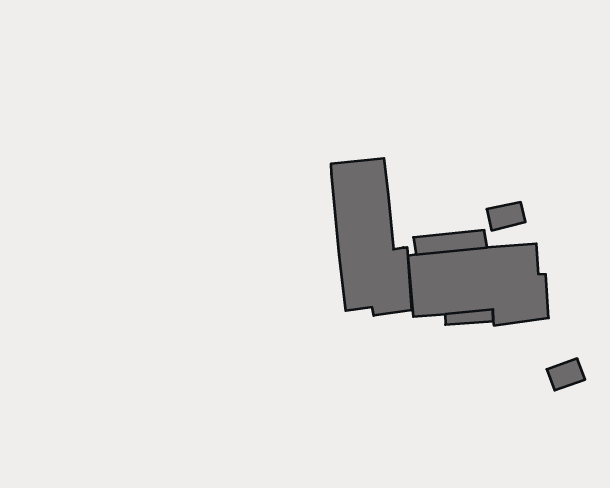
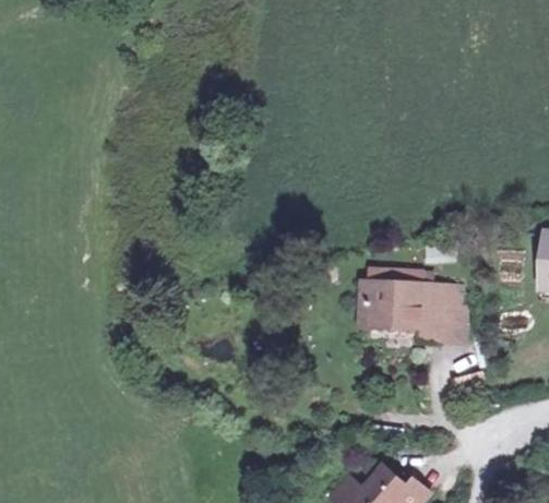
building: [331,158,411,316] -> none

